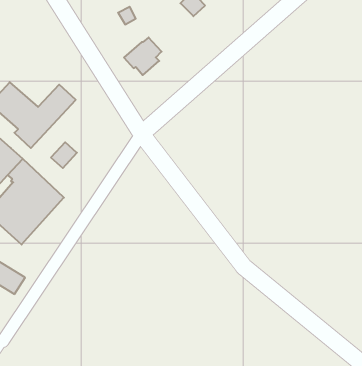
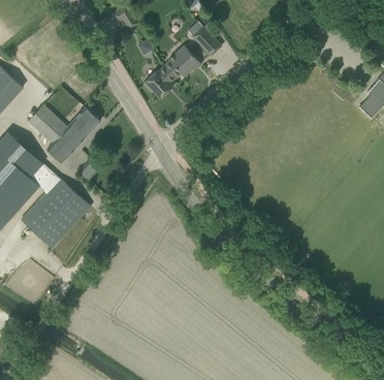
building: none -> [164,44,201,77]

